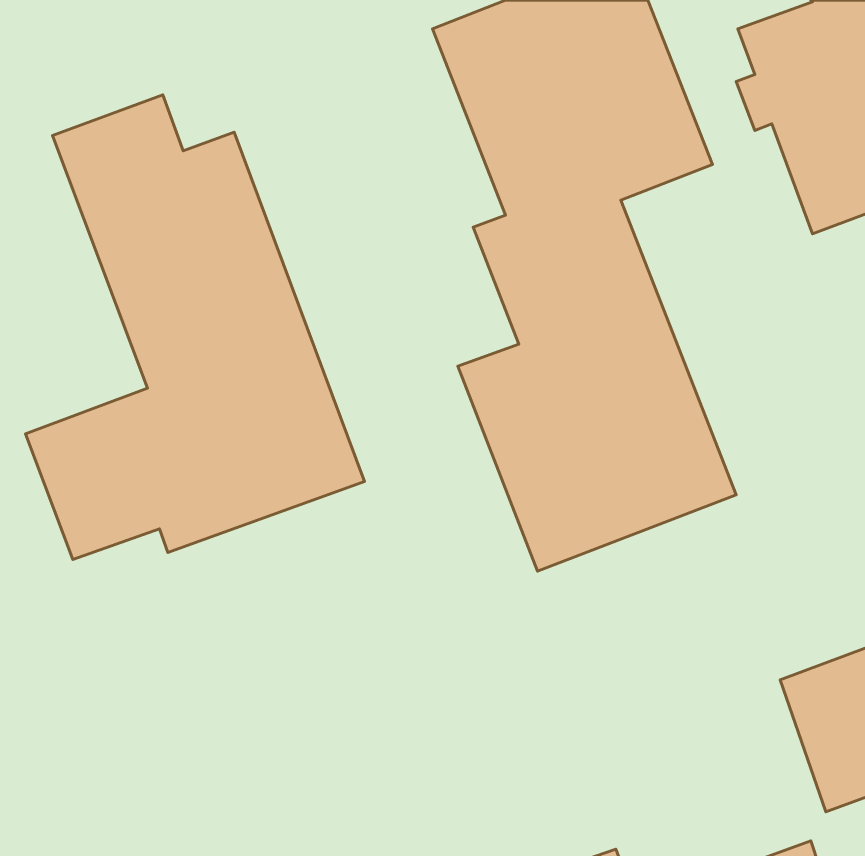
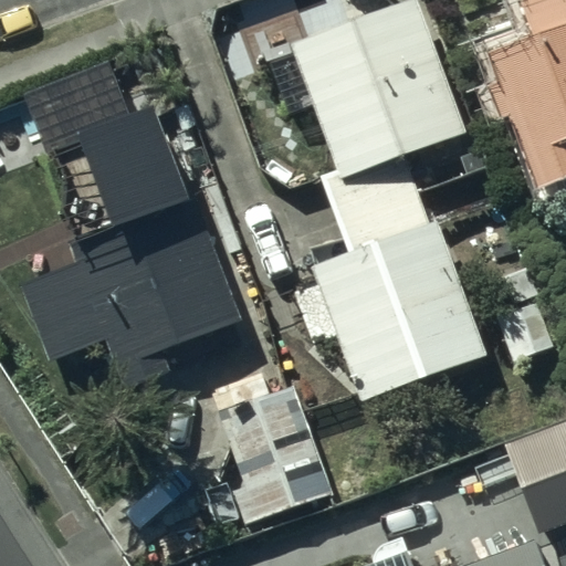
building: none -> [217,392,337,535]

